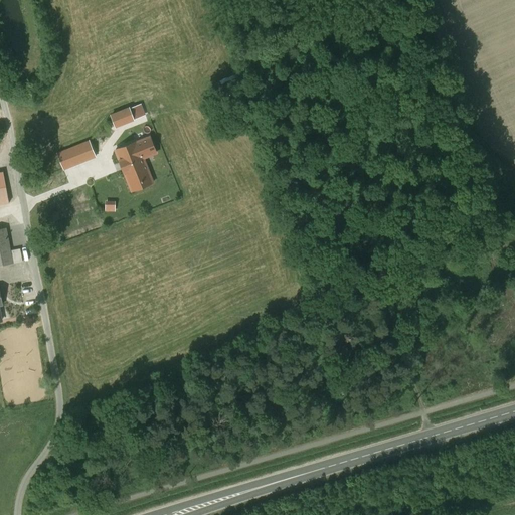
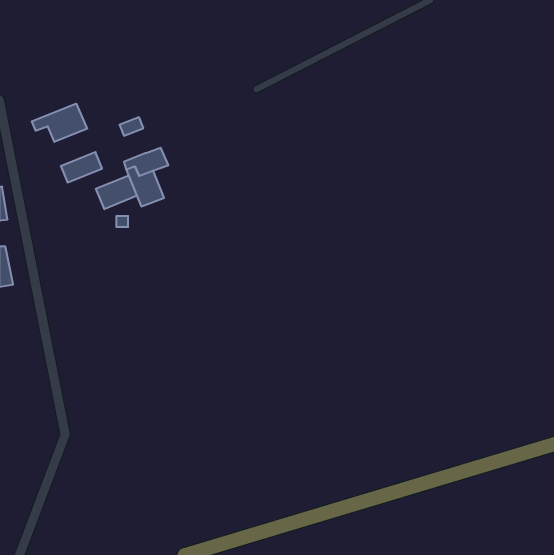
building: none -> [32,104,87,142]
building: none -> [96,175,137,209]

